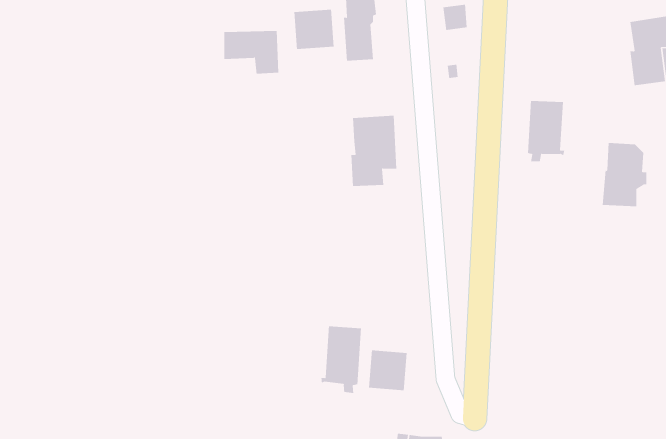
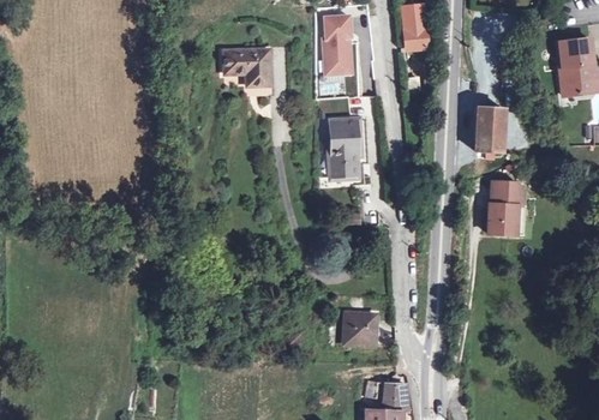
building: [294,9,334,50] -> none
building: [602,143,647,207] -> [487,180,525,233]
building: [321,325,361,394] -> none

